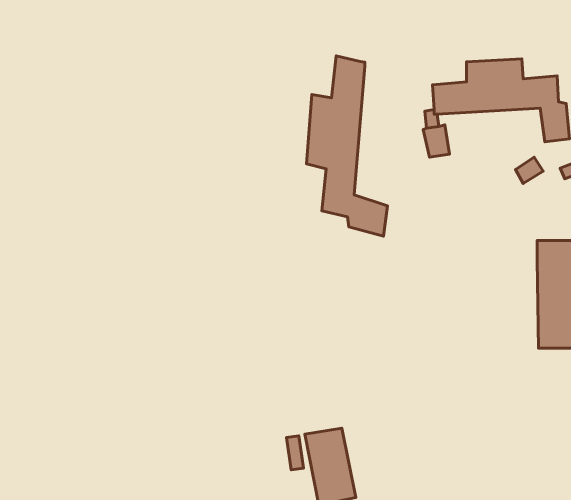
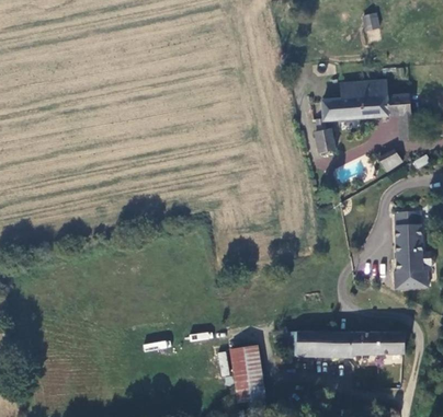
building: [307,56,387,236] -> none
building: none -> [281,333,406,357]

